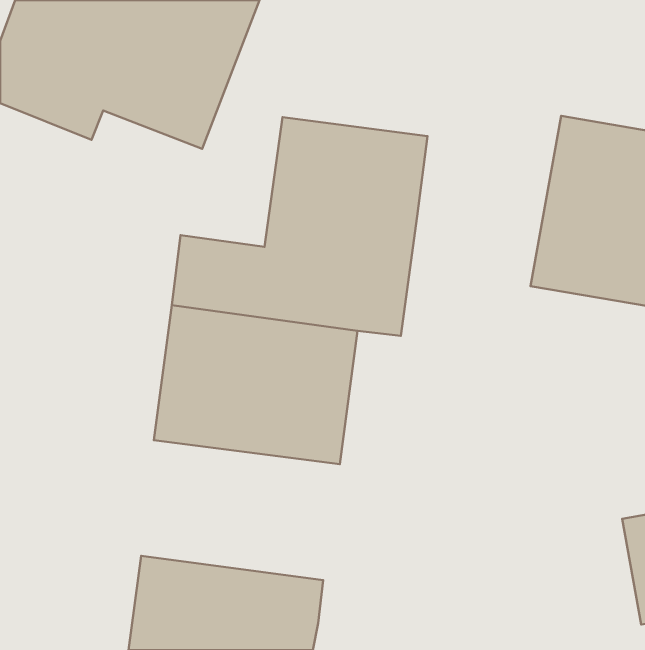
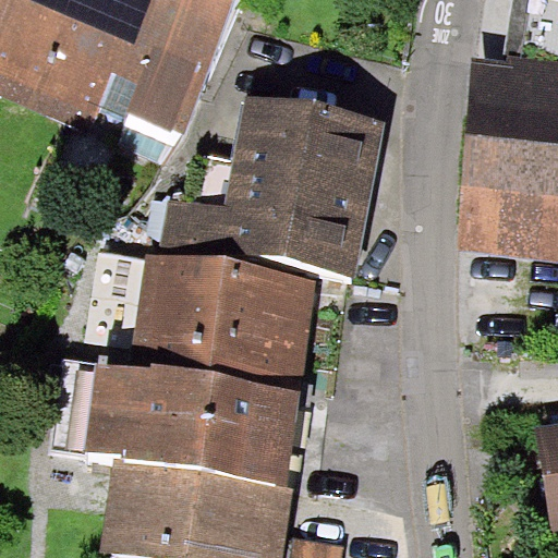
building: none -> [84,372,295,497]

